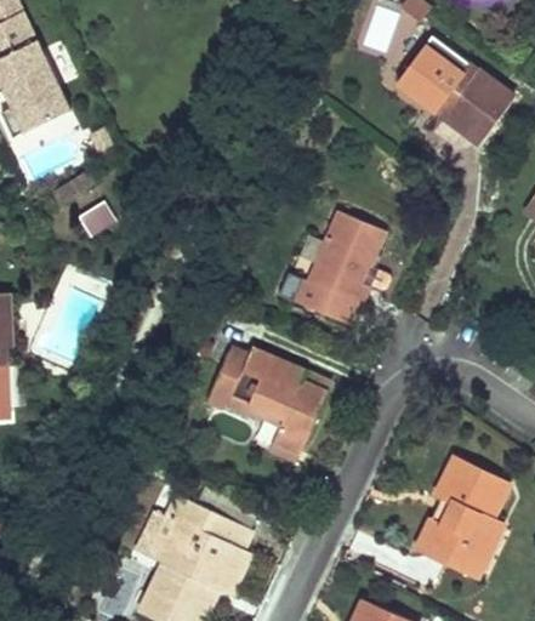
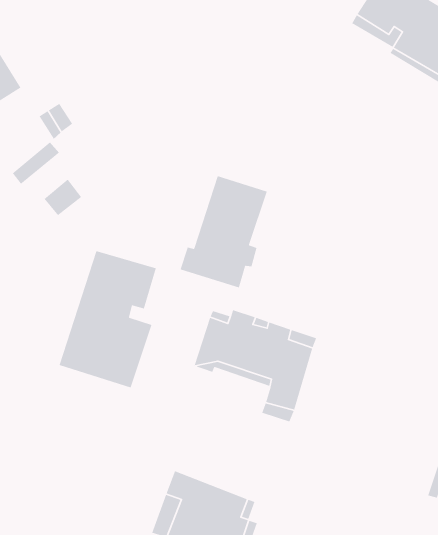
building: [292,211,386,323] -> [180,175,268,289]
building: none -> [59,250,157,388]

